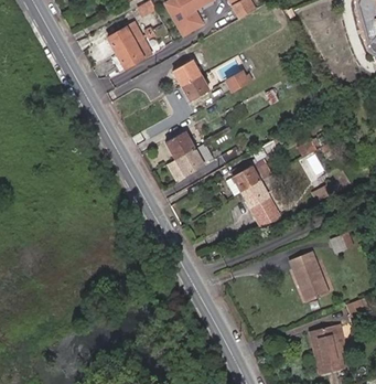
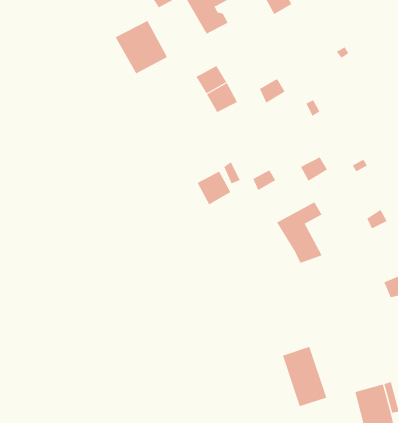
building: [166,129,195,158] -> none
building: [226,164,275,193] -> none
building: [289,253,326,303] -> [282,346,327,407]

